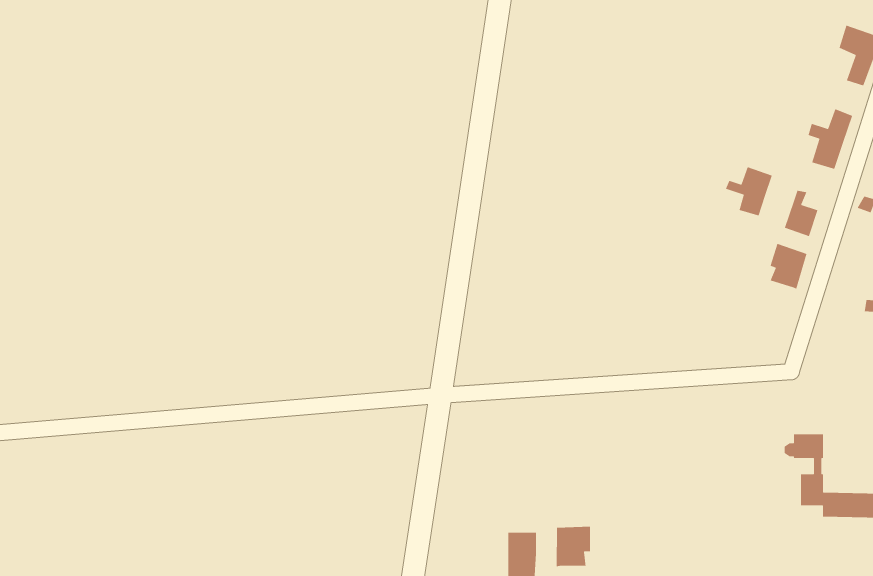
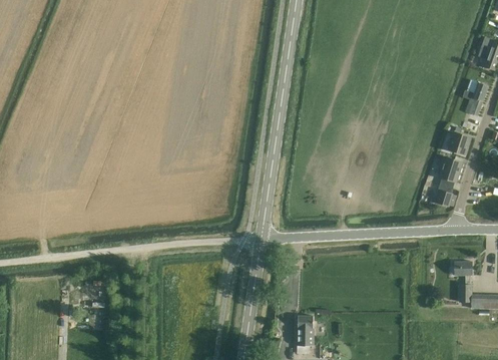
building: [725,166,773,217] -> none
building: none -> [433,176,454,207]
building: [556,526,591,567] -> none

